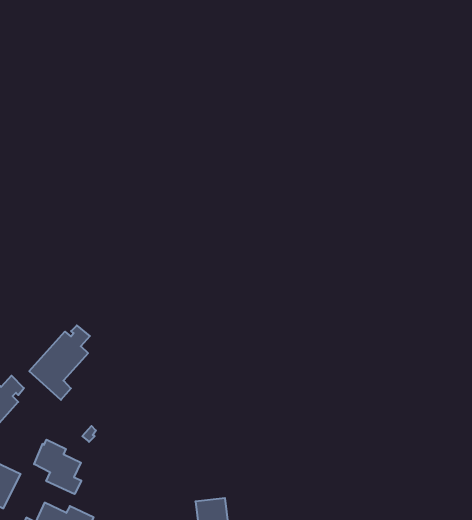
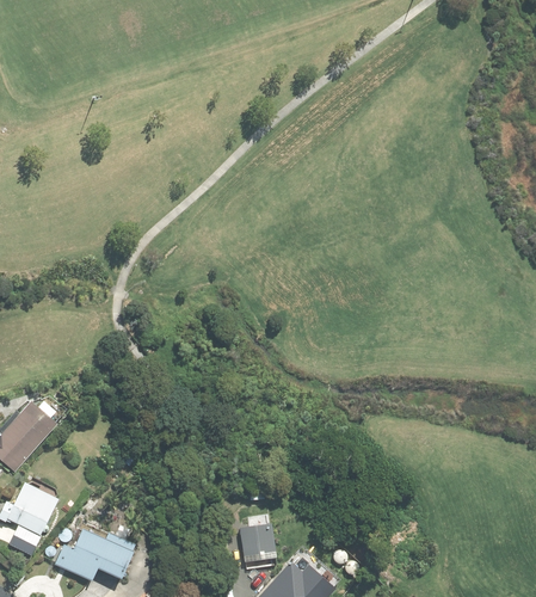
building: [29,325,90,400] -> none
building: [34,440,81,494] -> none

